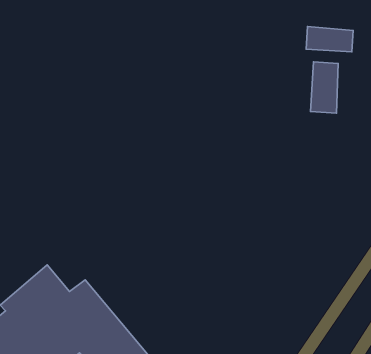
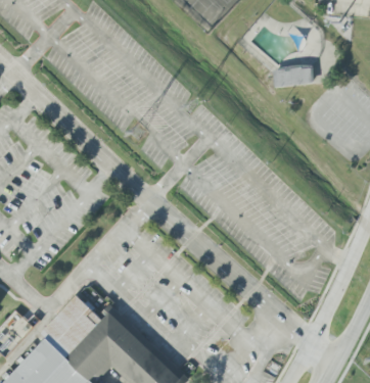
building: [310,62,338,113] -> none

